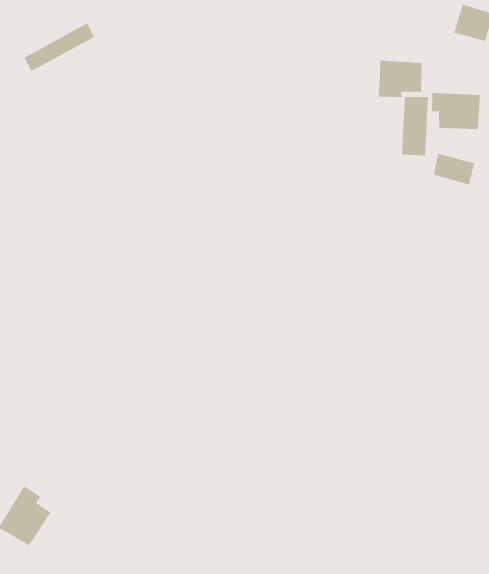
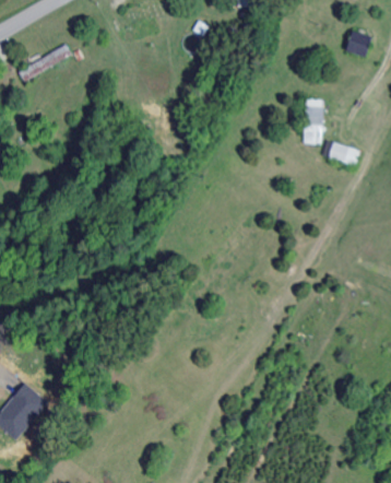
building: [378,60,422,98] -> none
building: [431,92,481,130] -> none

